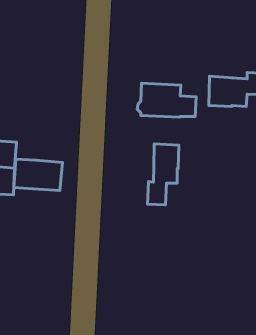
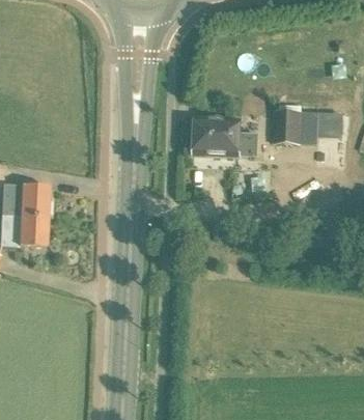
building: [148,144,179,205] -> none
building: [14,159,63,190] -> none

